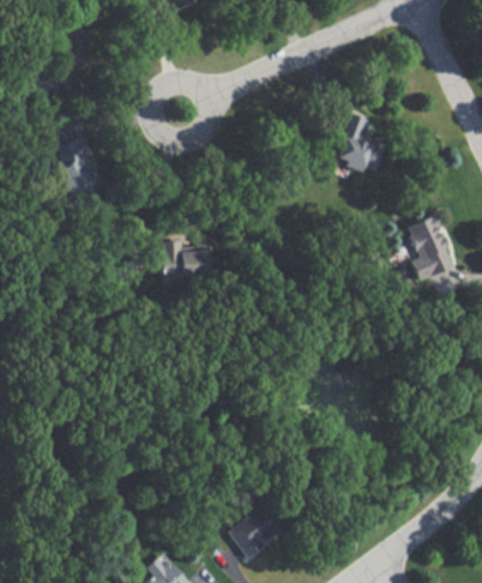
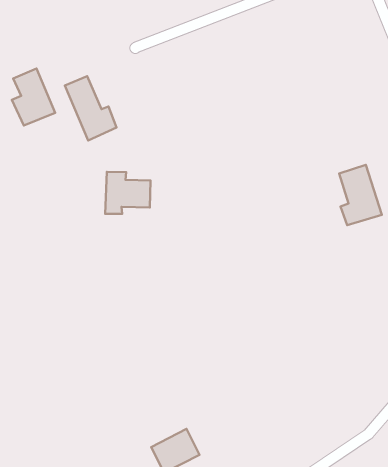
building: [337,113,386,170] -> none
building: none -> [65,76,117,140]

